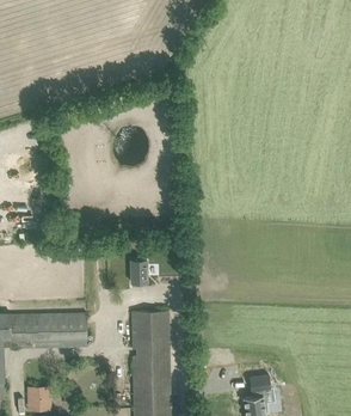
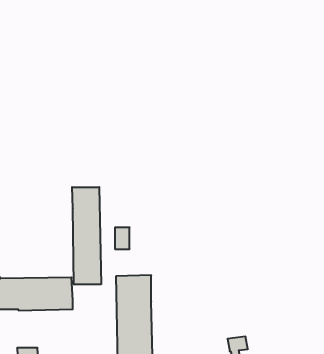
building: none -> [72,187,101,285]

